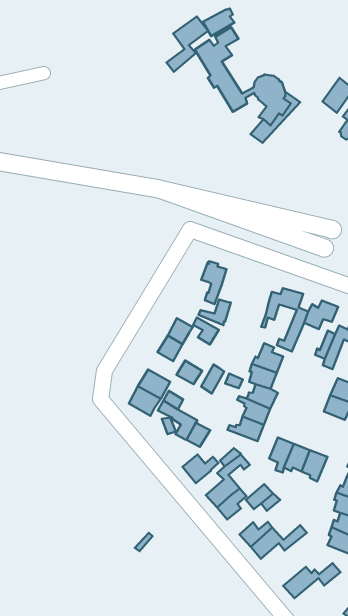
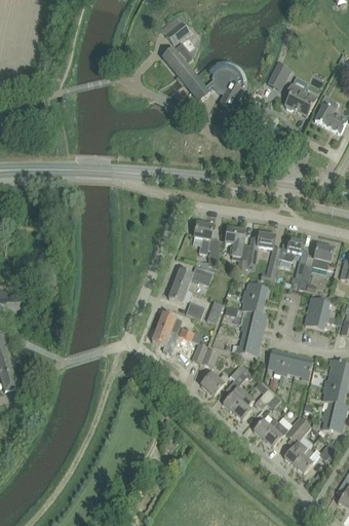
building: [167,17,208,72] -> none
building: none -> [225,227,248,274]
building: none -> [284,420,311,464]

